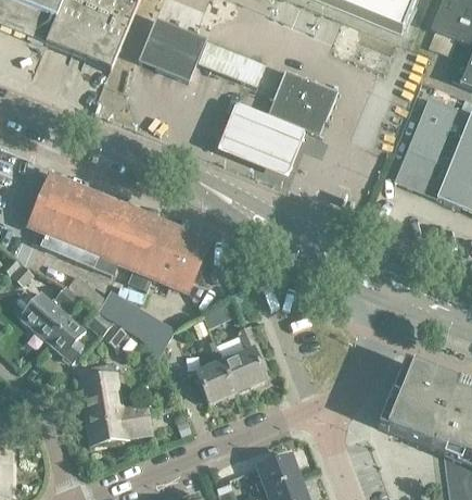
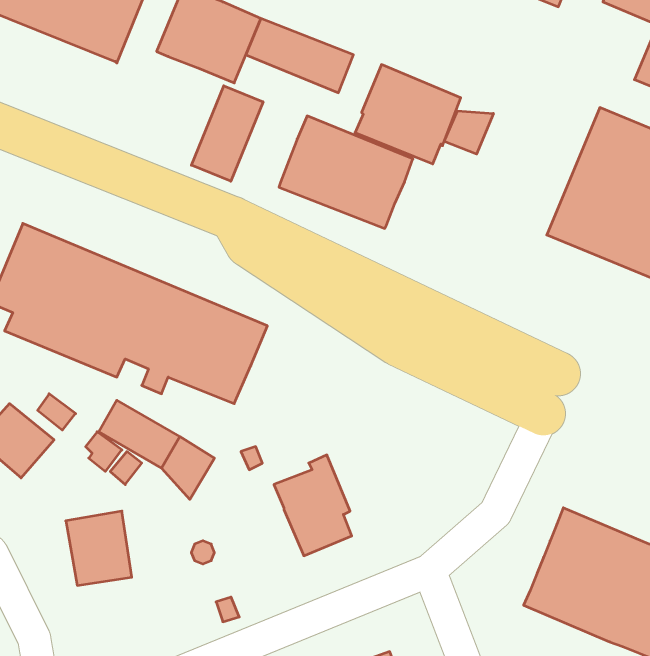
building: none -> [191,86,263,181]
building: none -> [444,111,493,154]
building: [49,316,86,362] -> none
building: [196,341,234,403] -> none
building: [86,402,151,445] -> none

